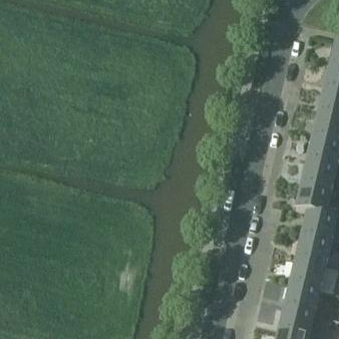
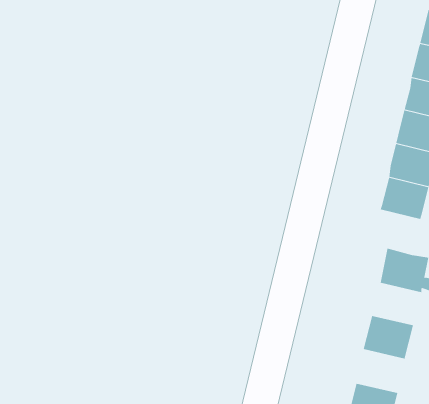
building: [296,179,331,211] -> none
building: [296,231,332,261] -> none
building: [285,278,320,309] -> none

